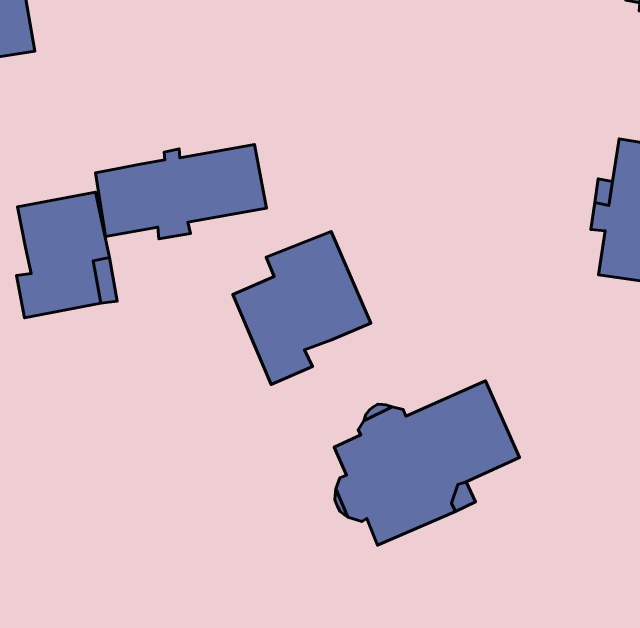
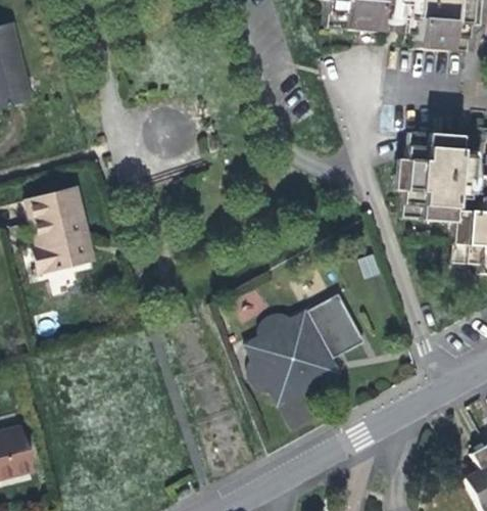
building: [96,144,266,239] -> none
building: [233,232,371,385] -> none

